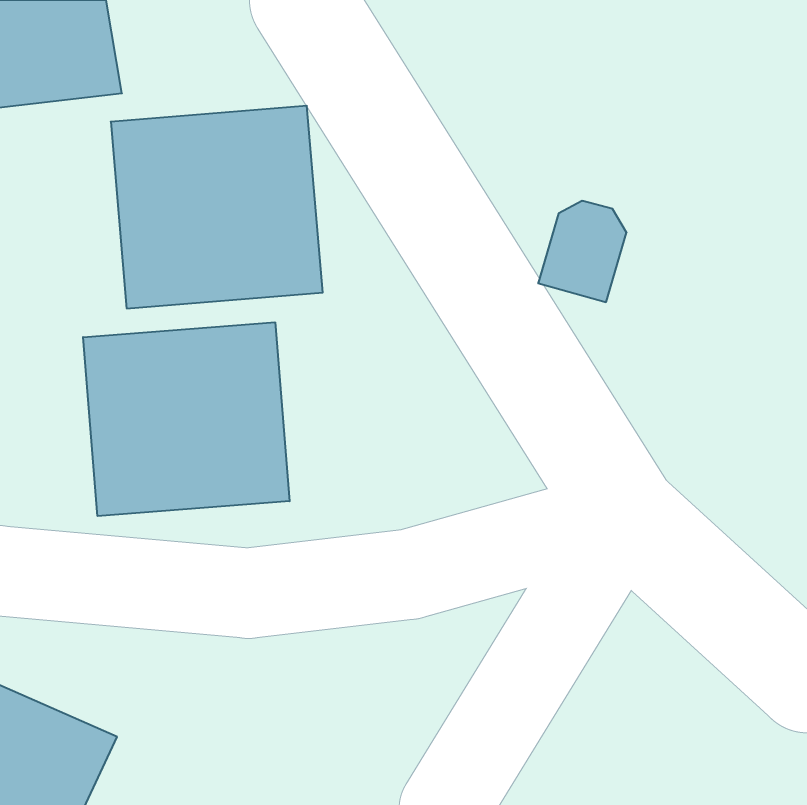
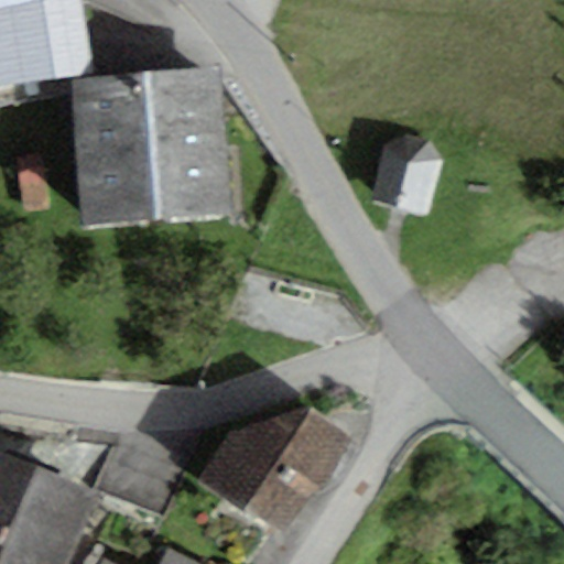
building: [83,322,290,516] -> none
building: none -> [208,417,346,525]

